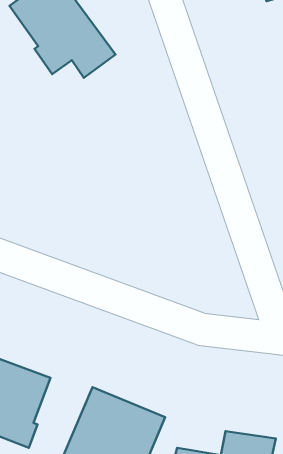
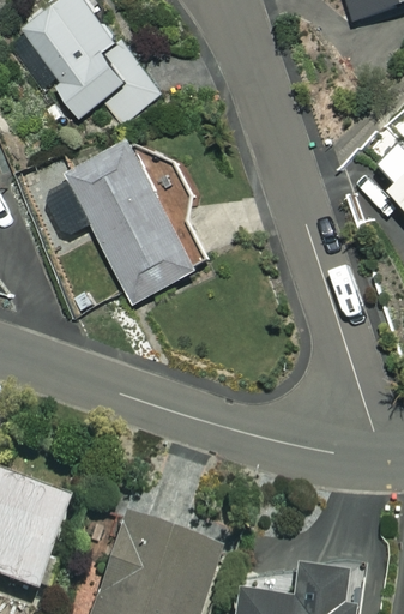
building: none -> [40,140,199,303]

